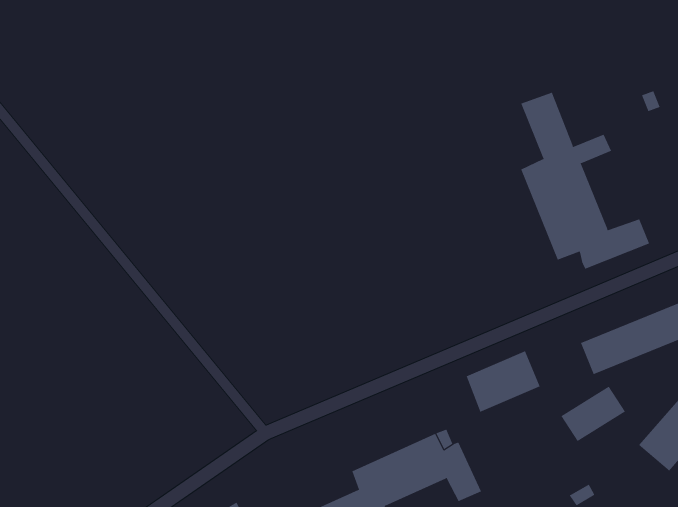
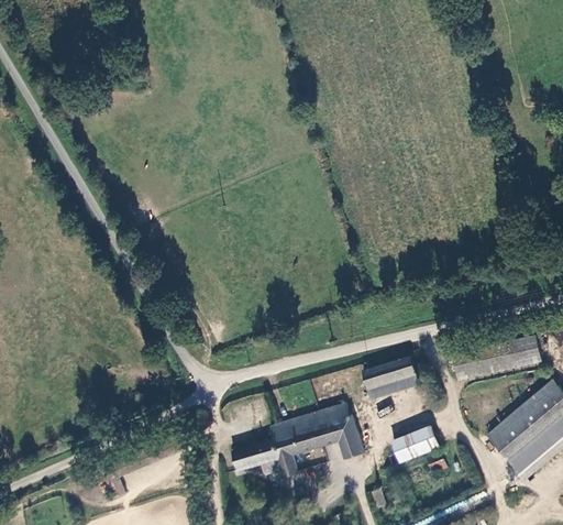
building: [520,92,650,270] -> none
building: [561,386,626,442] -> [388,426,438,464]

